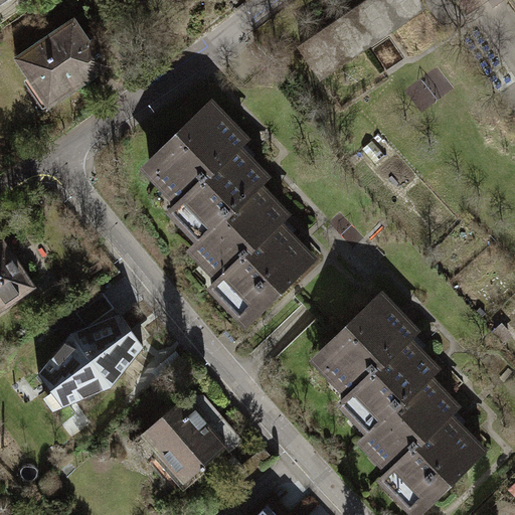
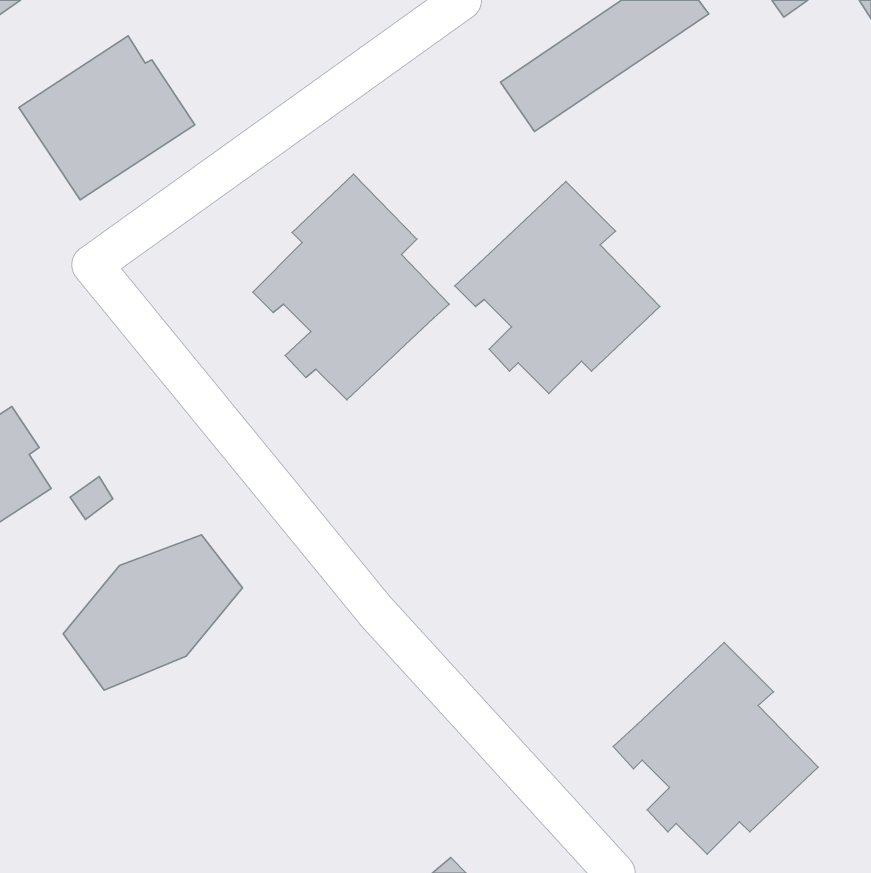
building: [190,187,311,312] -> [455,182,660,393]
building: [320,294,436,426] -> none
building: [131,397,242,481] -> none

